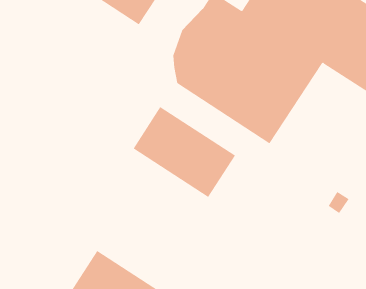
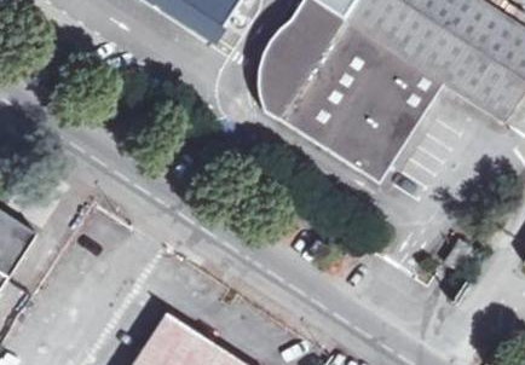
building: [133,106,236,198] -> none

